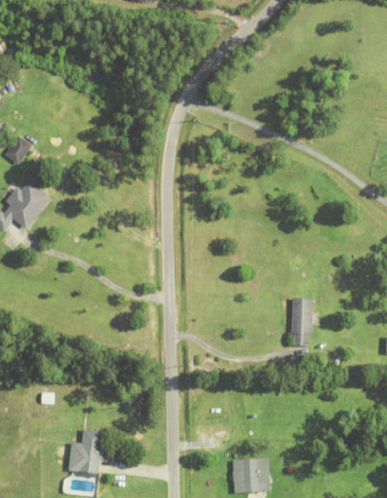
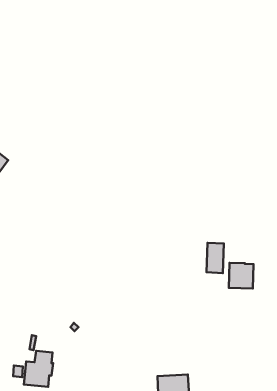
building: none -> [229,263,254,289]

